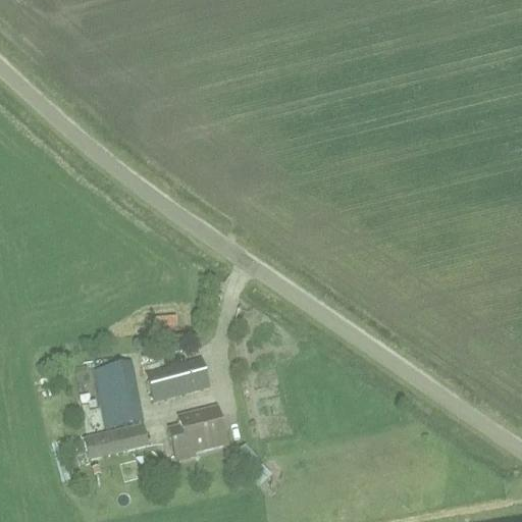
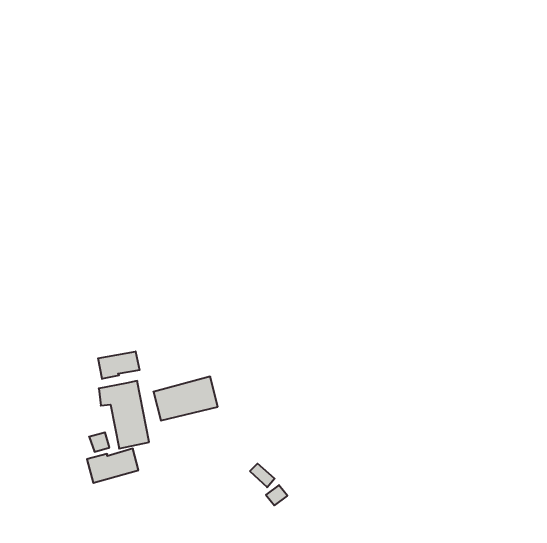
building: none -> [98,351,140,379]
building: [168,405,225,457] -> none

